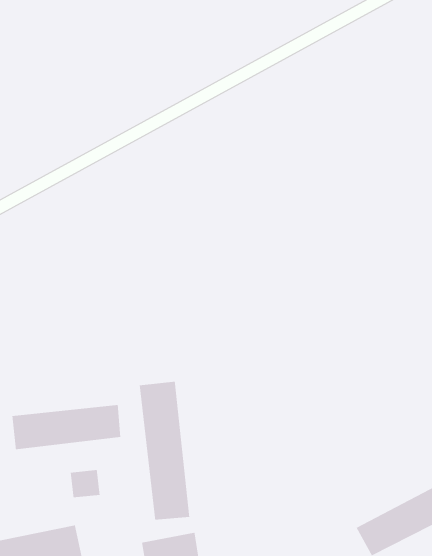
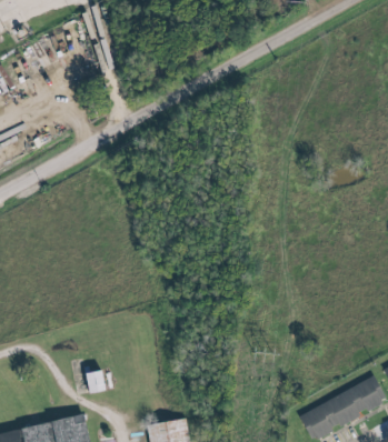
building: [139,381,190,520] -> none
building: [12,404,121,450] -> none

